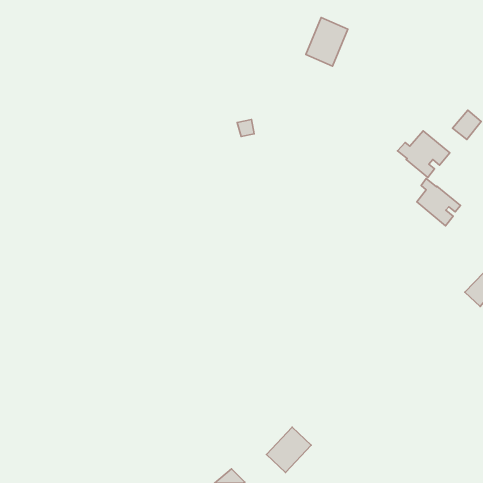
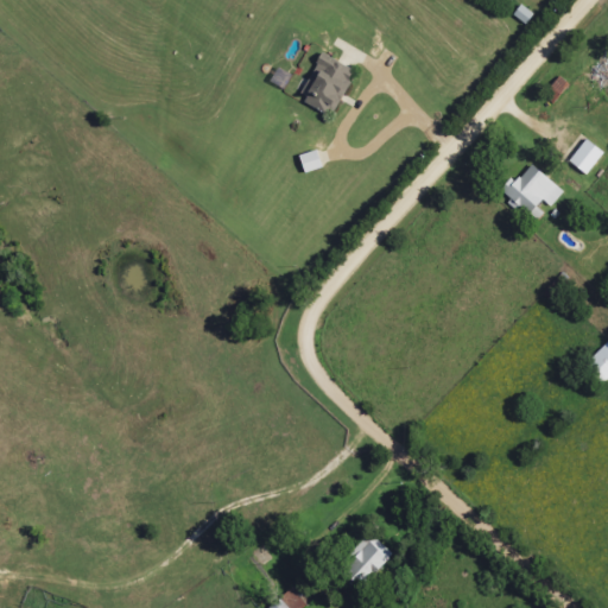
building: [306,18,348,66] -> [302,55,354,115]
building: [417,178,461,226] -> none

